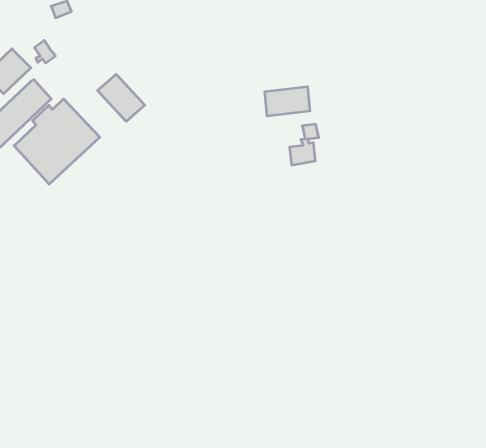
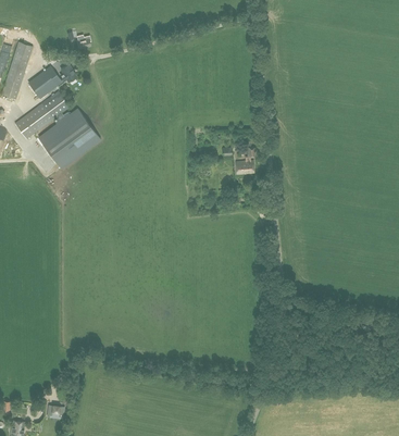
building: [98,74,145,121] -> none
building: [265,87,310,116] -> none

